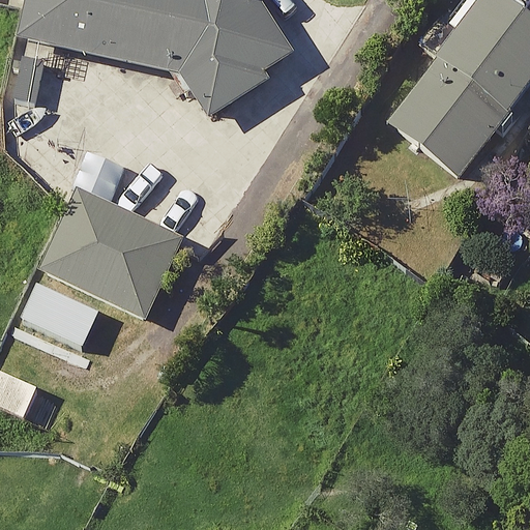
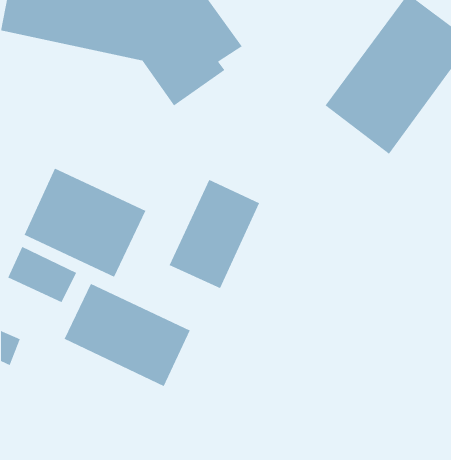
building: none -> [169,179,260,289]
building: none -> [63,283,191,387]

